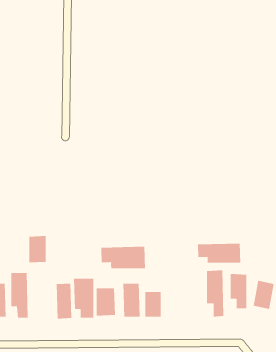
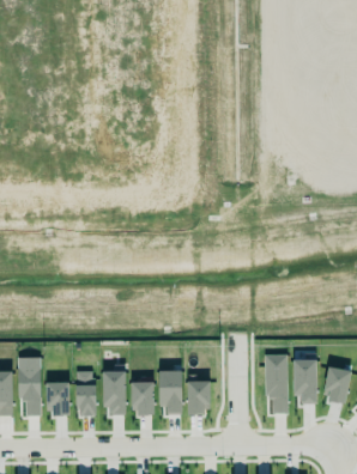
building: [28,235,46,263] -> [47,382,69,417]
building: [198,243,241,263] -> none
building: [101,246,146,269] -> none

